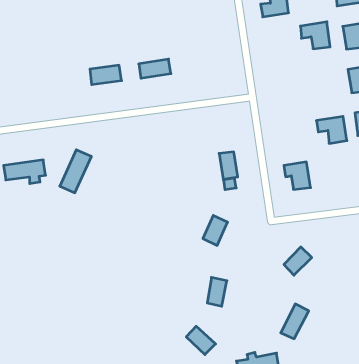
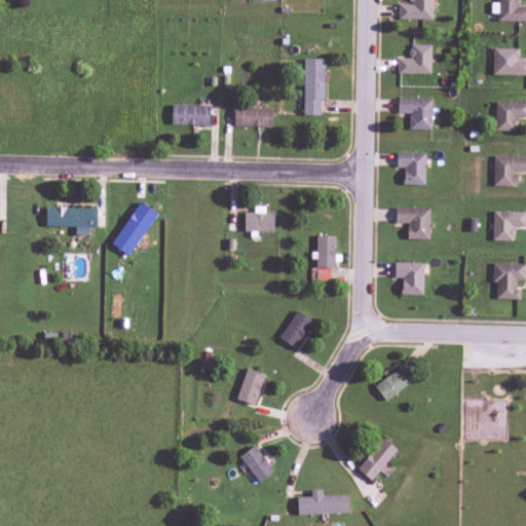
building: none -> [305,58,326,114]
building: [300,22,330,49] -> [399,98,434,129]
building: none -> [398,152,426,184]
building: [316,116,347,143] -> [397,208,430,238]
building: none -> [246,205,275,231]
building: [207,277,227,306] -> [237,367,266,405]

